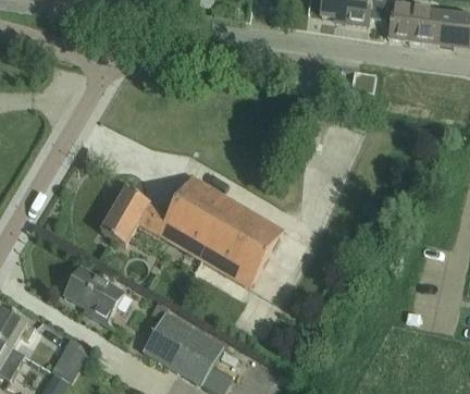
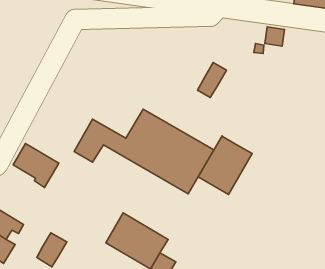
building: none -> [197,62,226,97]
building: none -> [198,136,252,195]
building: [64,264,124,322] -> [13,143,59,187]

